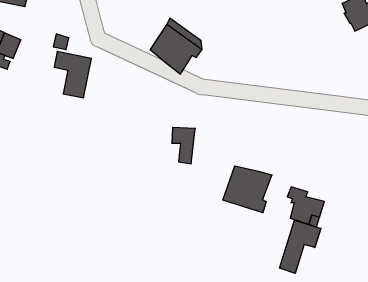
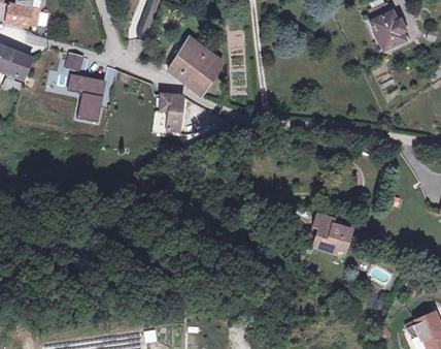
building: [172,127,195,164] -> [159,93,183,131]
building: [223,166,272,213] -> none
building: [279,220,321,273] -> none

